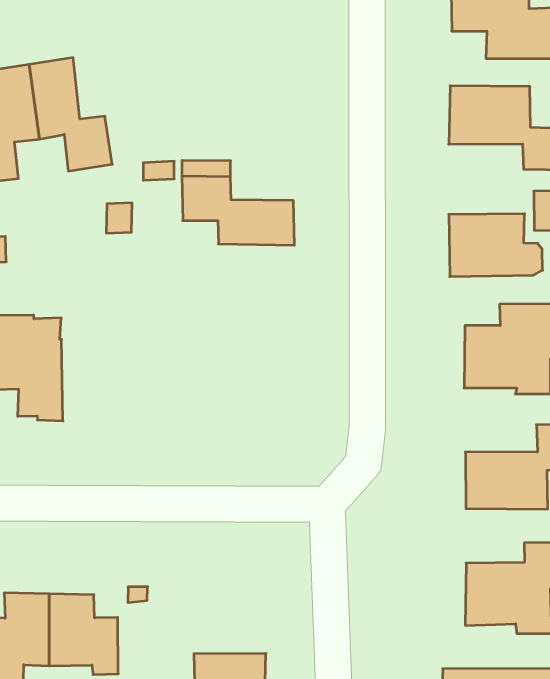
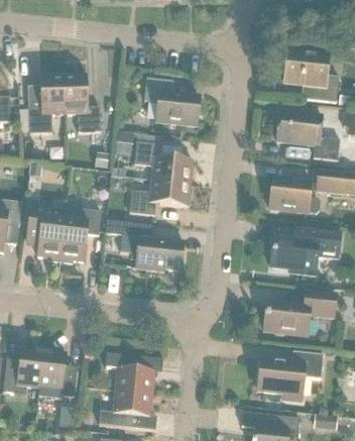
building: none -> [143,79,199,126]
building: none -> [128,180,190,216]
building: none -> [60,210,101,263]
building: none -> [104,220,183,272]
building: none -> [104,353,162,395]

